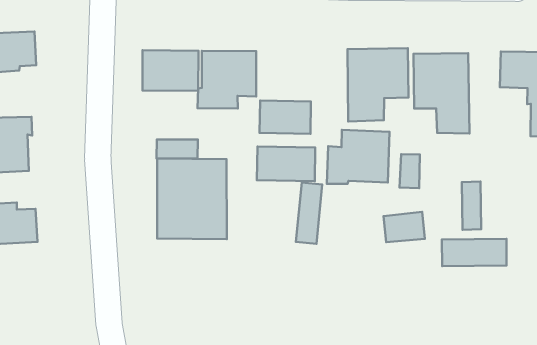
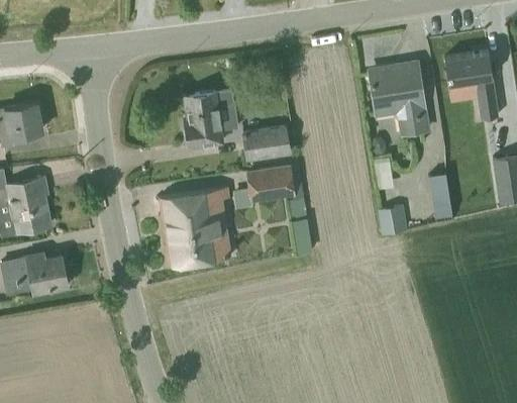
building: [347,48,409,121] -> none
building: [142,50,198,91] -> none
building: [327,130,390,184] -> none
building: [157,139,198,159] -> none
building: [442,239,507,266] -> none

